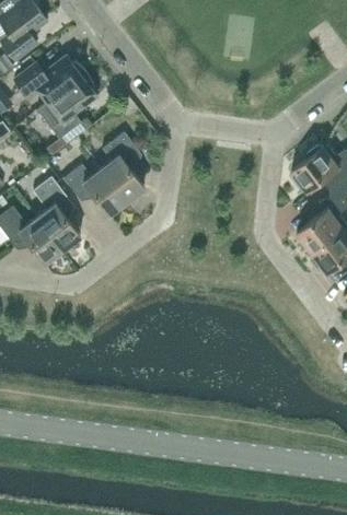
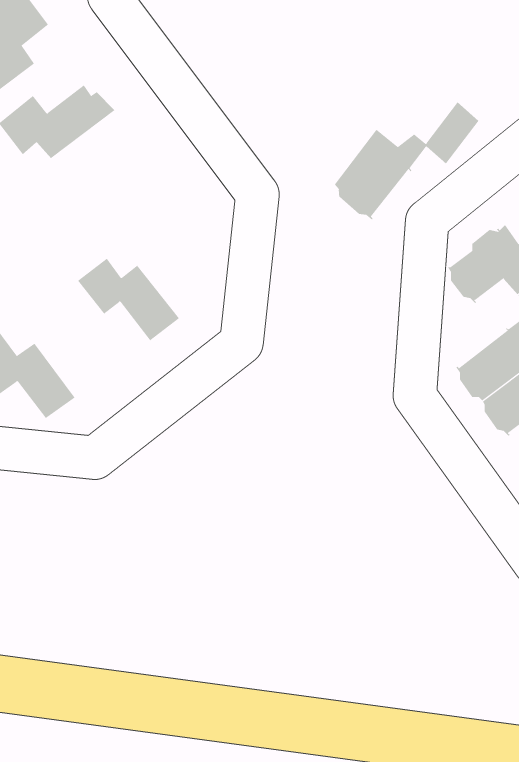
building: none -> [334,101,479,221]
building: [36,71,95,139] -> none
building: [100,131,143,200] -> none
building: [32,176,79,249] -> none

